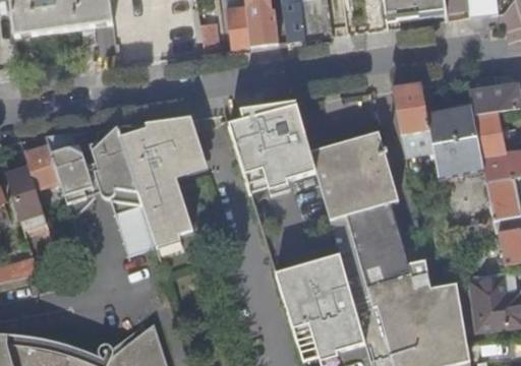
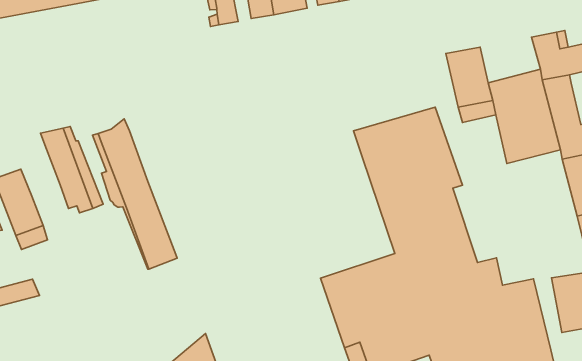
building: [228,101,316,190] -> none
building: [121,117,209,244] -> none
building: [23,145,60,188] -> none

